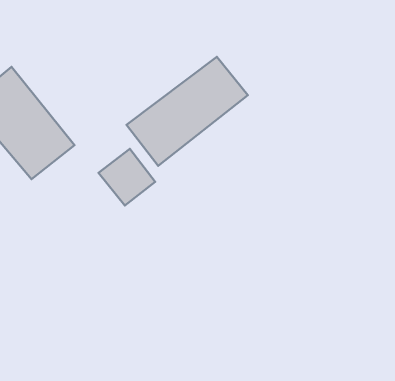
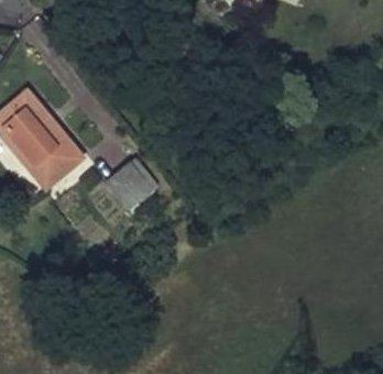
building: [126,57,248,166] -> none

